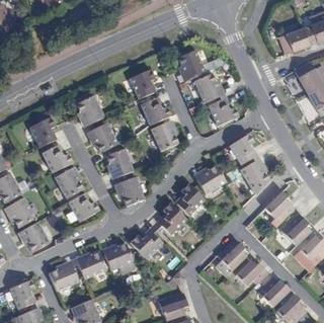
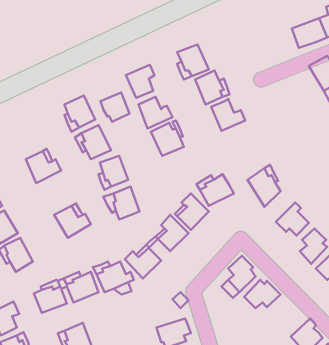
building: none -> [100,92,130,122]
building: [28,110,55,147] -> none
building: [228,133,255,164] -> none
building: [54,169,81,198] -> none
building: [261,276,290,306] -> none

